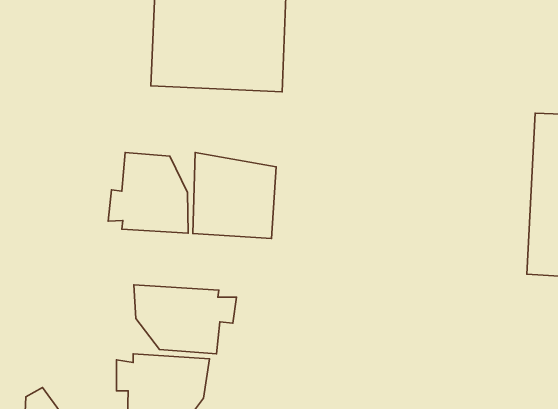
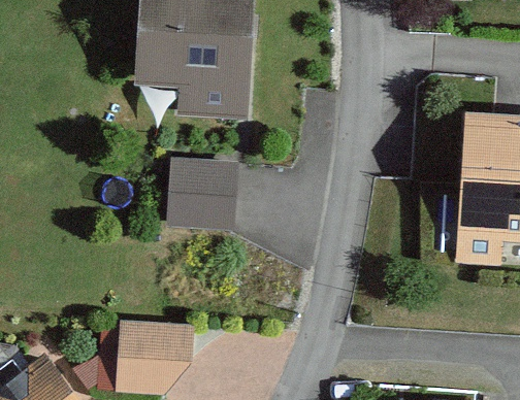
building: [108,152,188,233] -> none
building: [134,285,237,354] -> none

